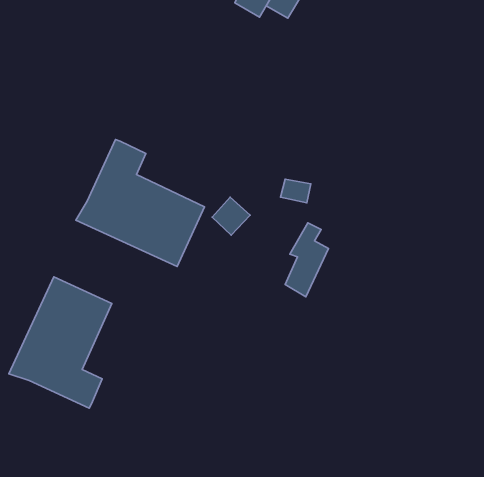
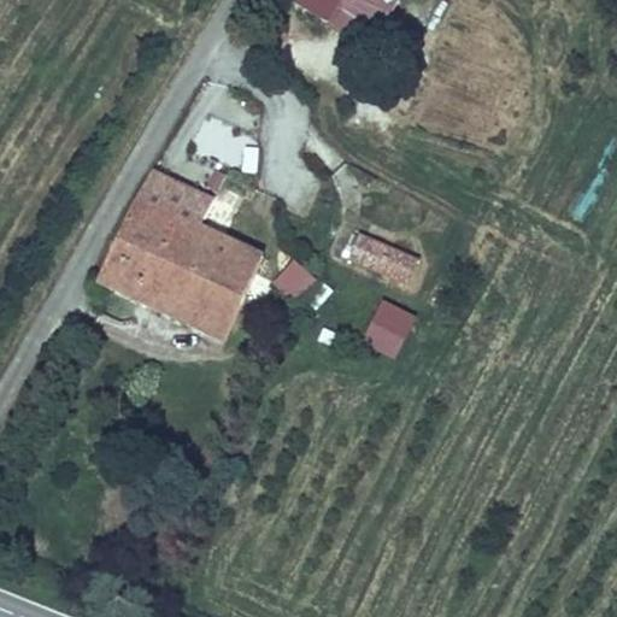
building: [9,277,112,408] -> none

